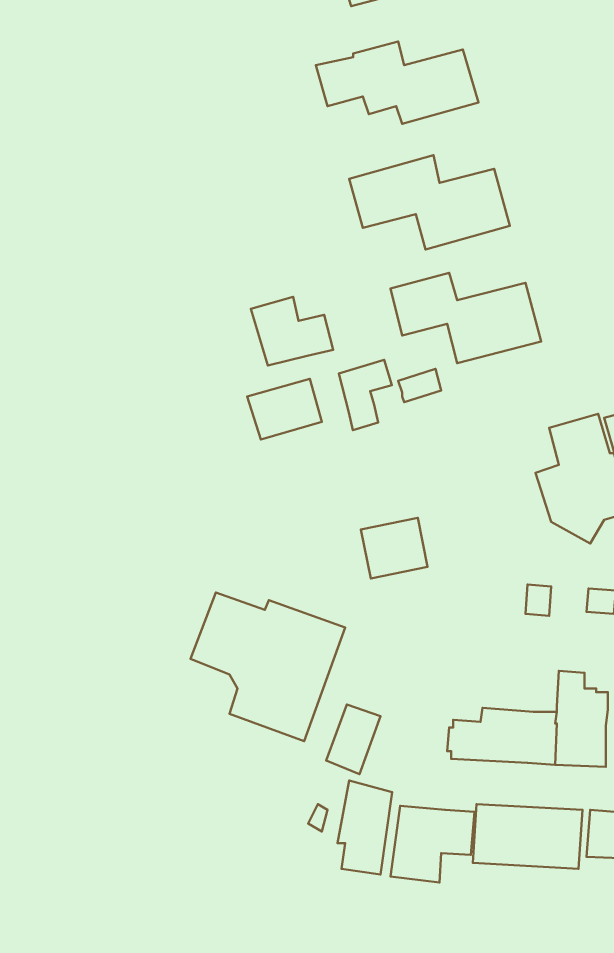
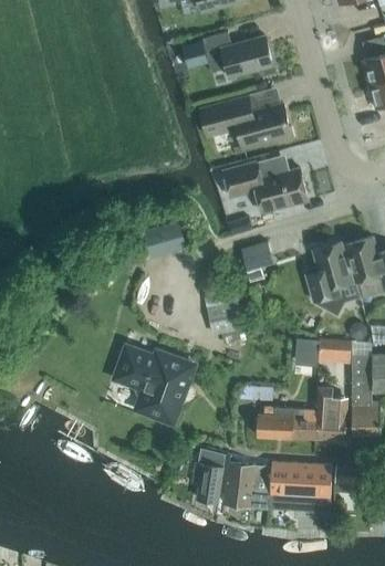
building: [251,297,333,366] -> none
building: [339,360,392,430] -> [241,242,271,282]
building: [326,704,380,774] -> none

